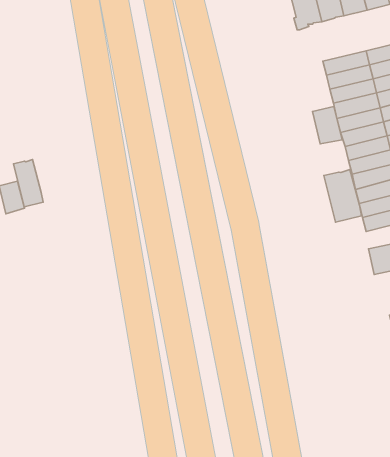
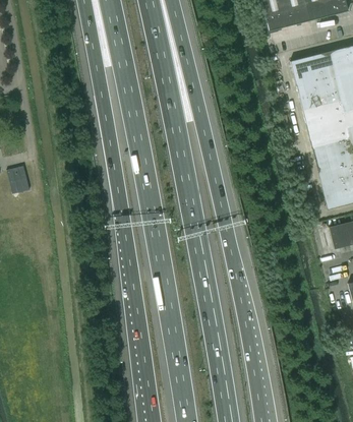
building: [313,106,342,144] -> none
building: [13,159,43,207] -> none
building: [324,169,361,222] -> none

